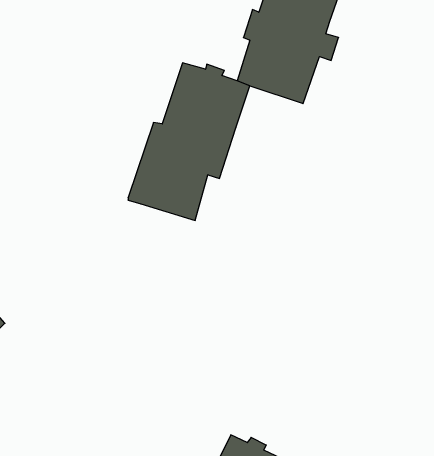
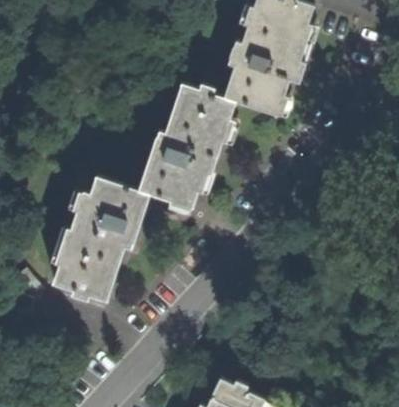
building: none -> [53,176,149,302]

